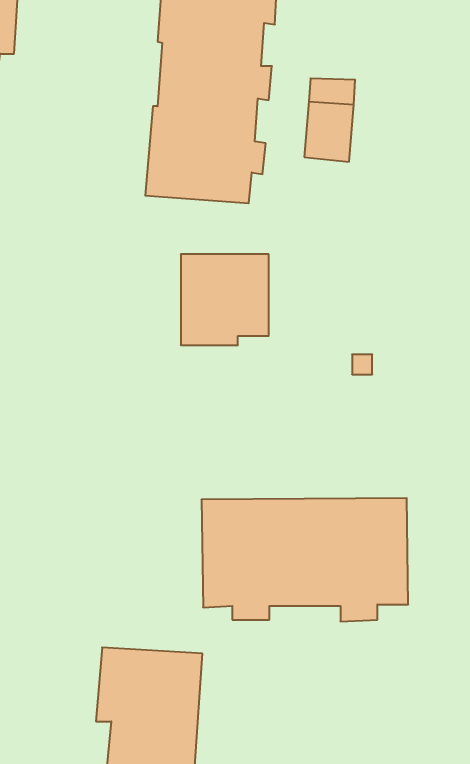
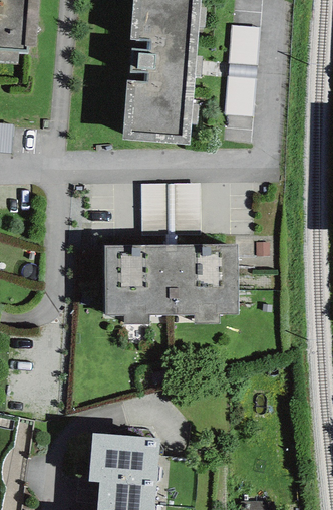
building: none -> [228,24,259,62]
building: [201,498,408,621] -> [103,243,238,323]

